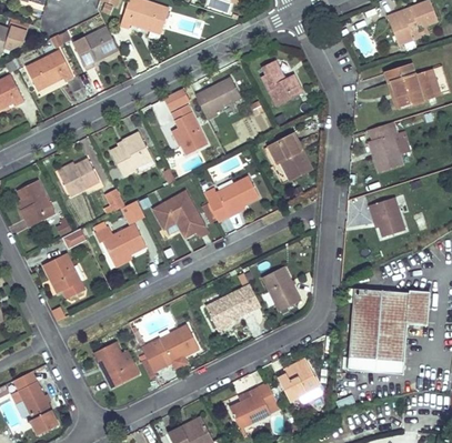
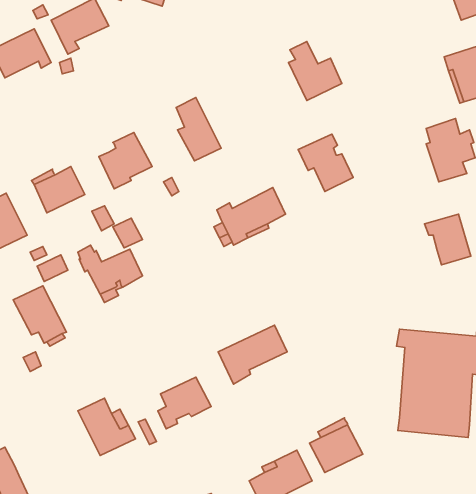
building: [194,77,240,120] -> none
building: [153,192,203,236] -> none
building: [261,266,300,311] -> none

